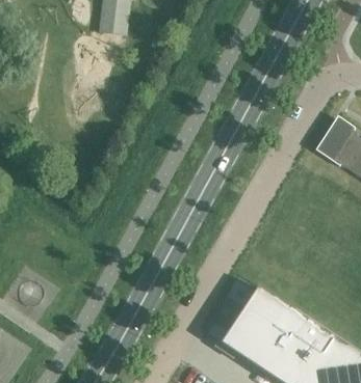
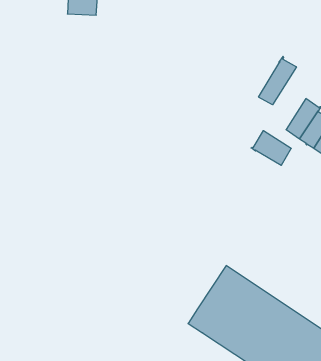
building: none -> [259,56,296,105]
building: none -> [251,131,291,165]

